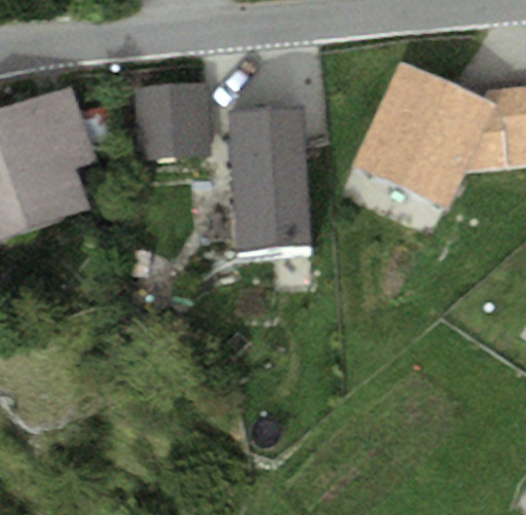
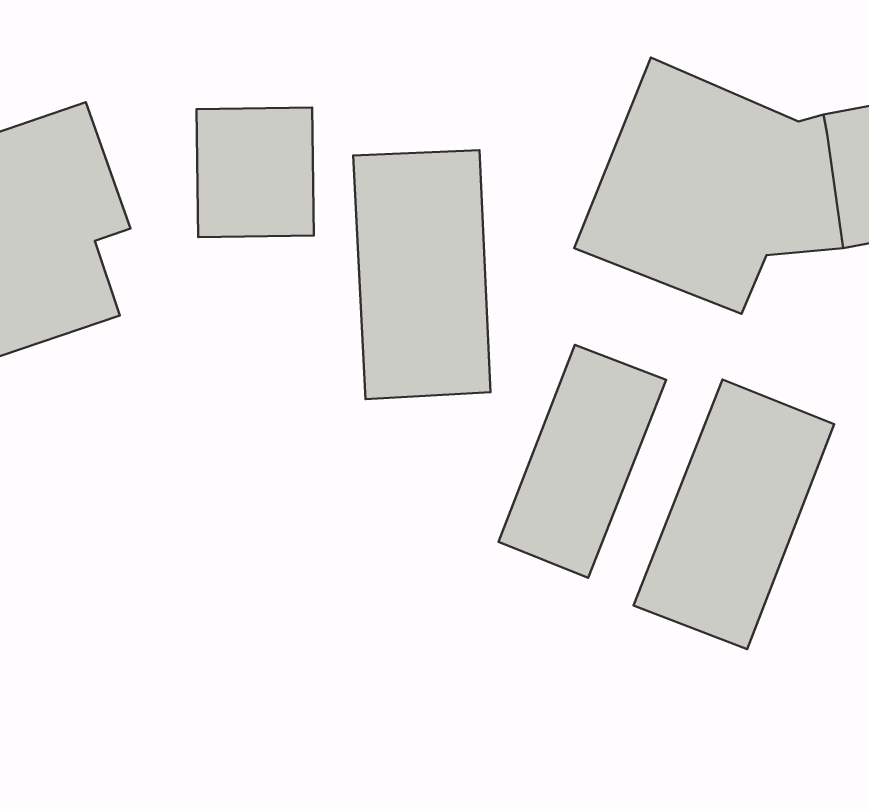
building: none -> [499,345,666,578]
building: none -> [633,380,834,649]

